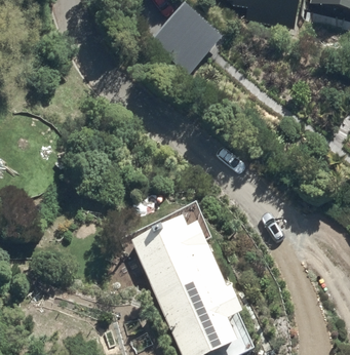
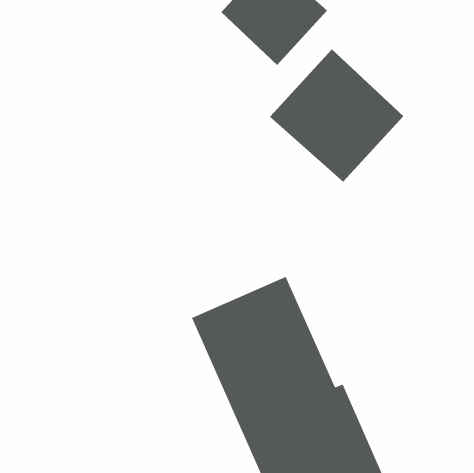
building: none -> [269,49,404,183]

